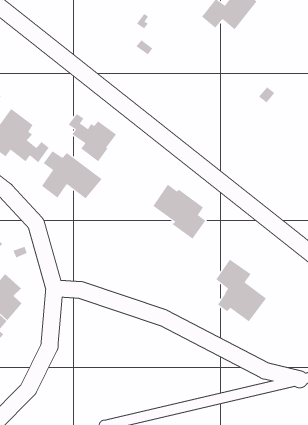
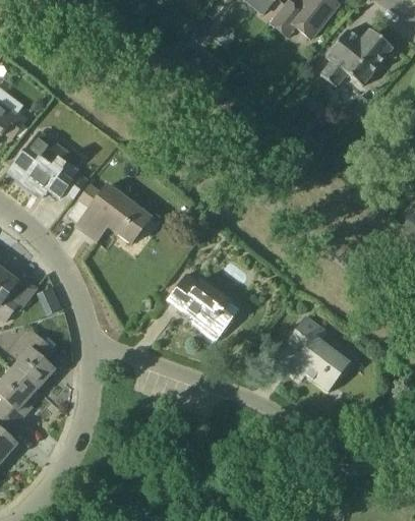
building: none -> [321,27,394,85]
building: [68,113,117,162] -> none
building: [152,184,206,239] -> [168,273,233,340]

